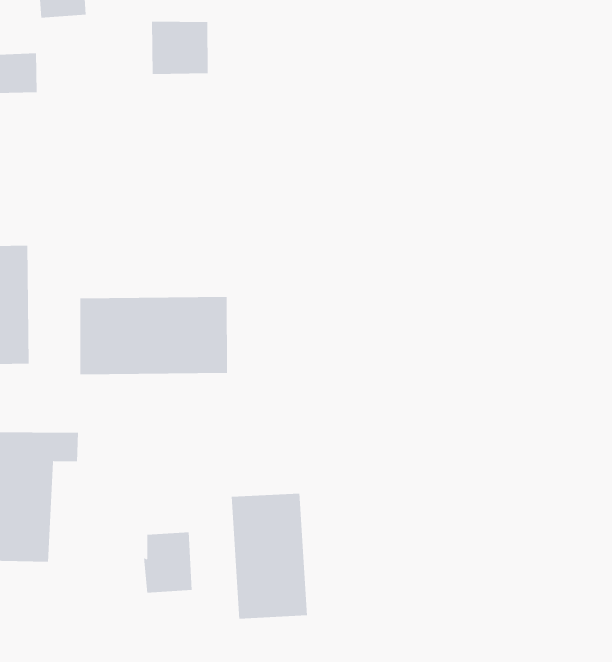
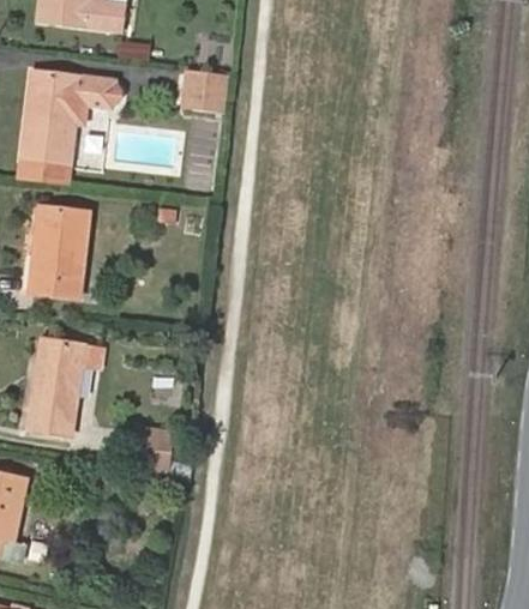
building: [80,296,227,375] -> none
building: [231,493,308,620] -> none

